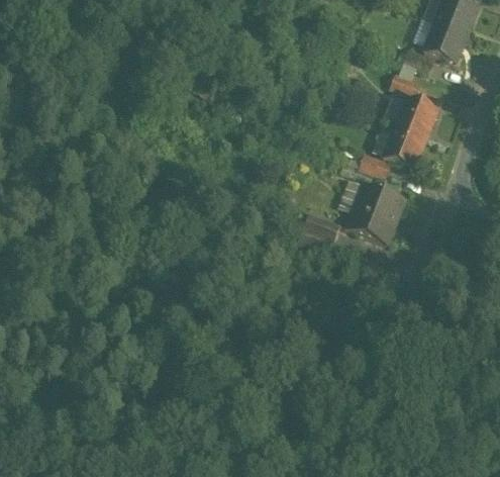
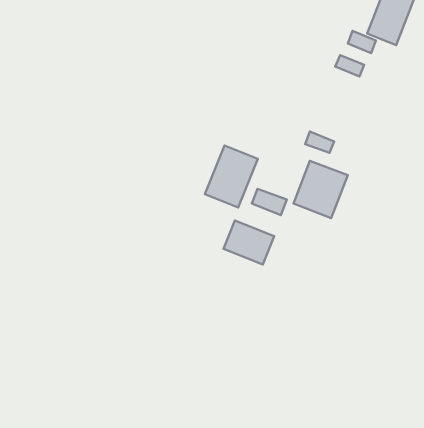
building: [385,97,438,168] -> none
building: none -> [205,145,258,208]
building: none -> [224,221,274,265]

